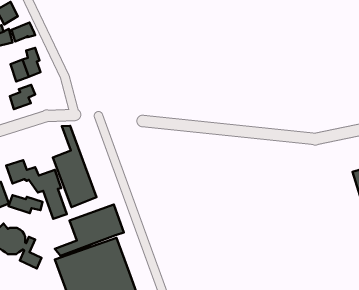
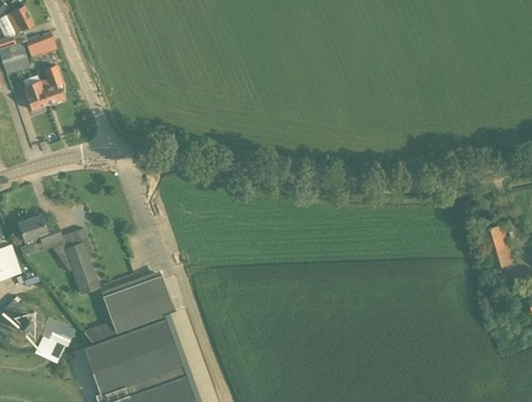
building: [10,85,35,109] -> none
building: [53,126,97,207] -> none
building: [8,195,42,213] -> none

